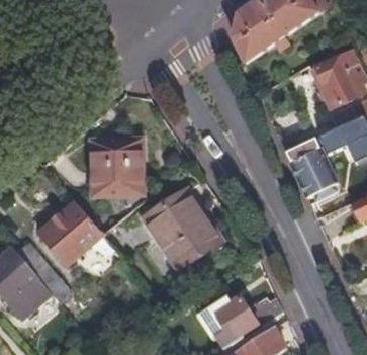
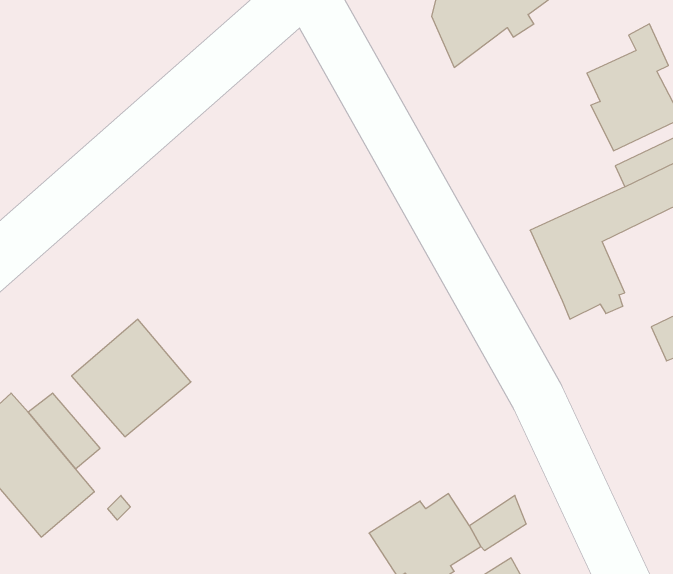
building: [92,138,142,193] -> none
building: [145,187,222,266] -> none

